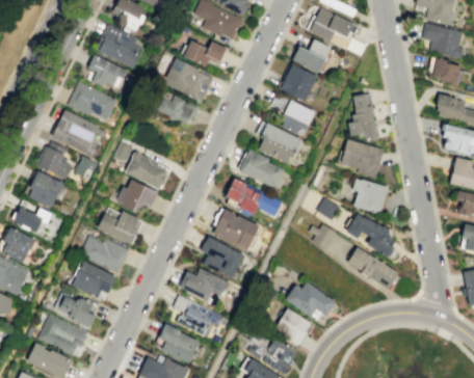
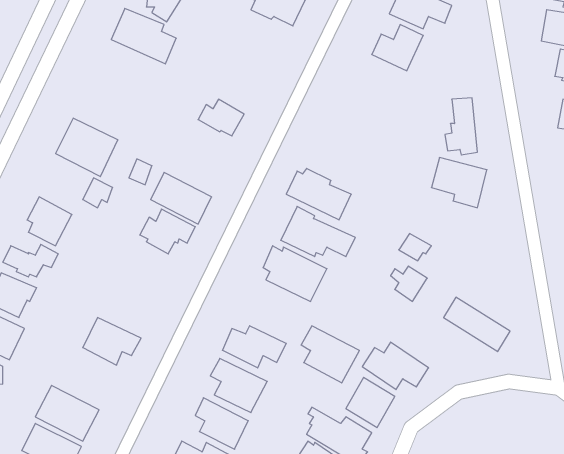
building: [185,40,228,68] -> none
building: [86,54,129,87] -> none
building: [163,57,213,102] -> none
building: [282,64,319,101] -> none
building: [64,82,115,120] -> none
building: [273,99,309,131] -> none
building: [247,118,295,162] -> none
building: [37,141,72,180] -> none
building: [352,178,391,215] -> none
building: [97,209,141,246] -> none
building: [348,213,395,258] -> none
building: [78,236,127,273] -> none
building: [201,236,245,279] -> [301,326,359,383]
building: [56,296,97,329] -> none

